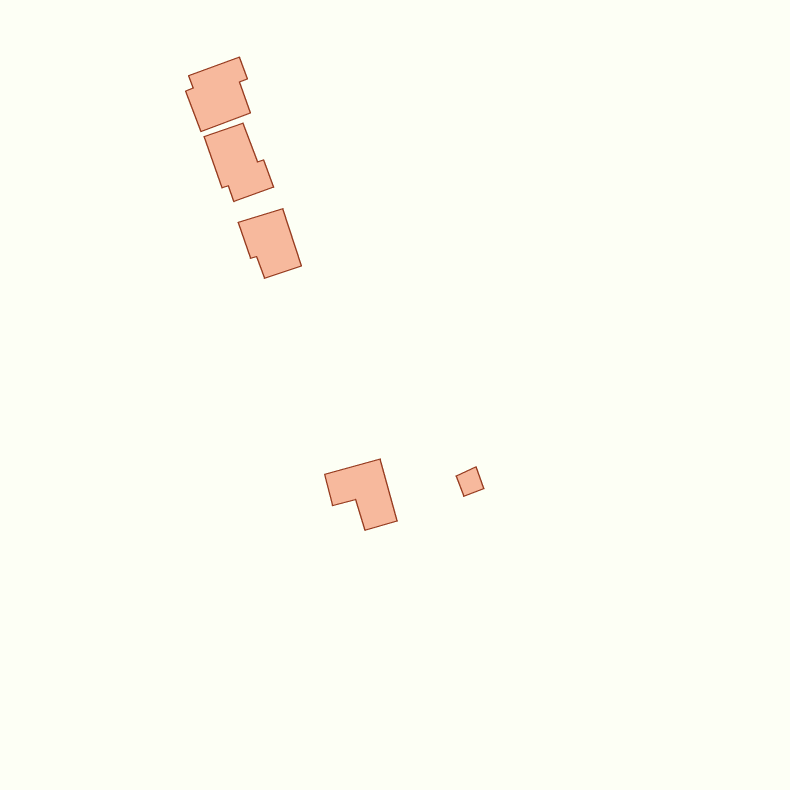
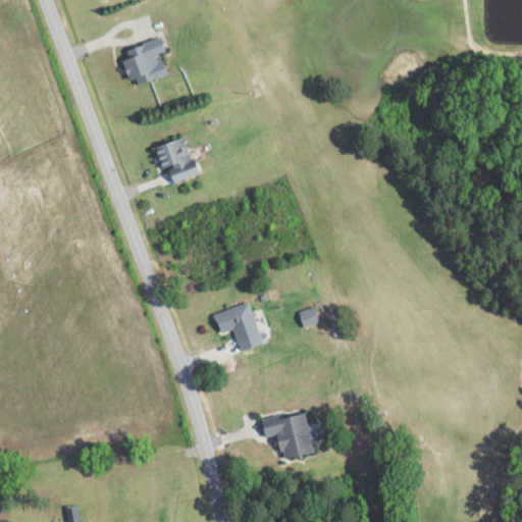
building: [204,123,274,202] -> none
building: none -> [261,412,312,459]

